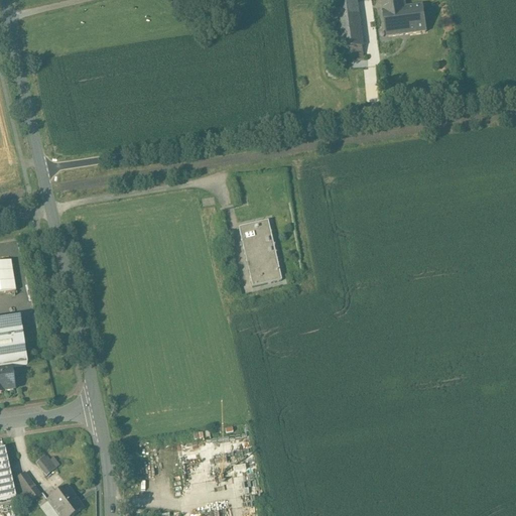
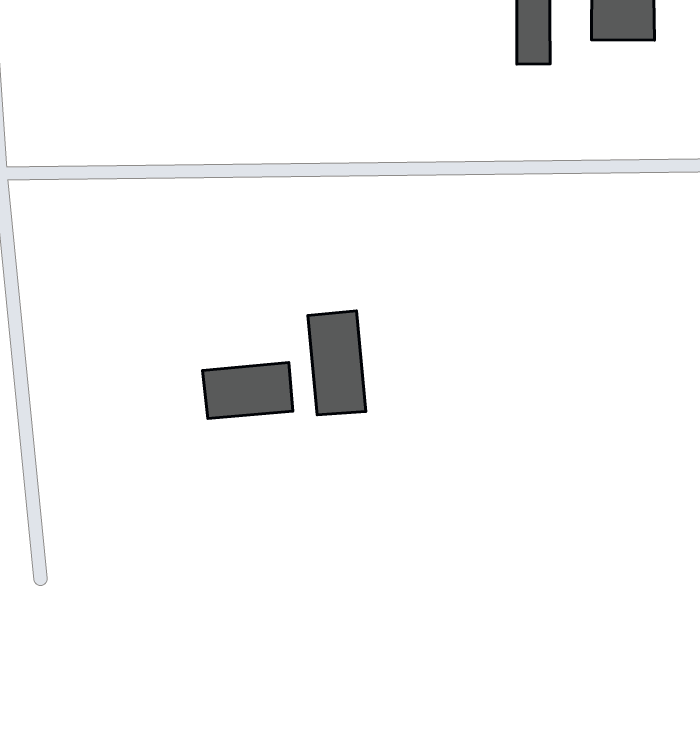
building: none -> [202,362,293,419]

